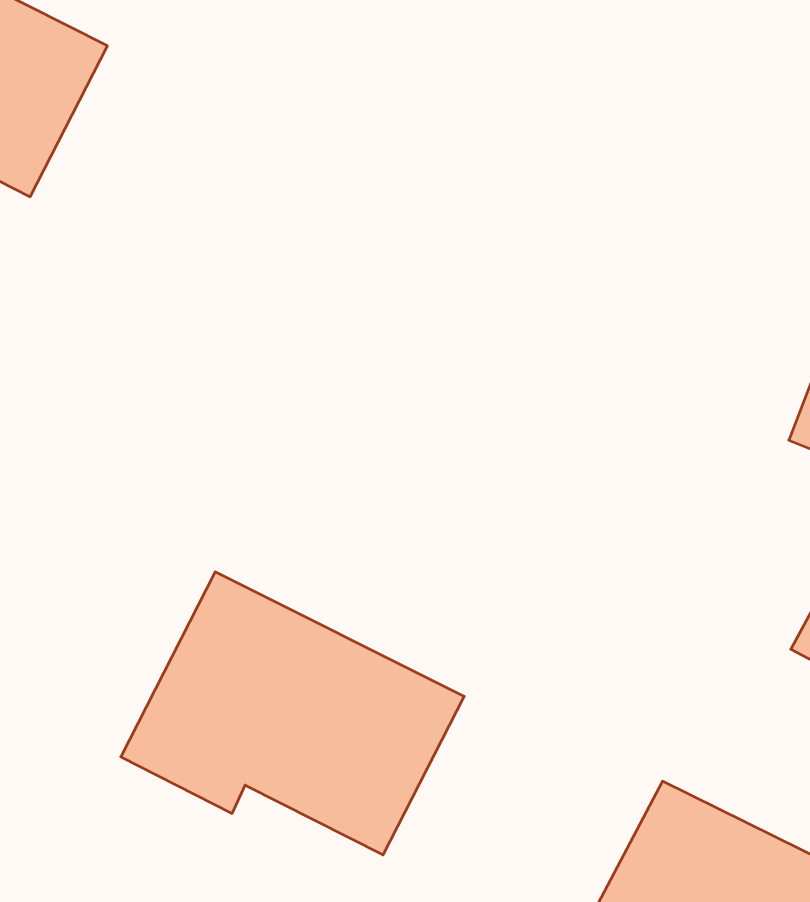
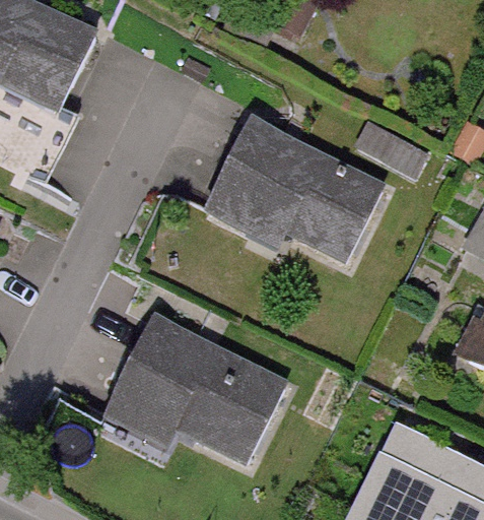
building: none -> [204,116,384,262]

